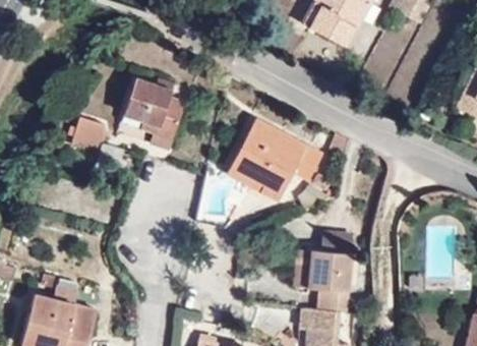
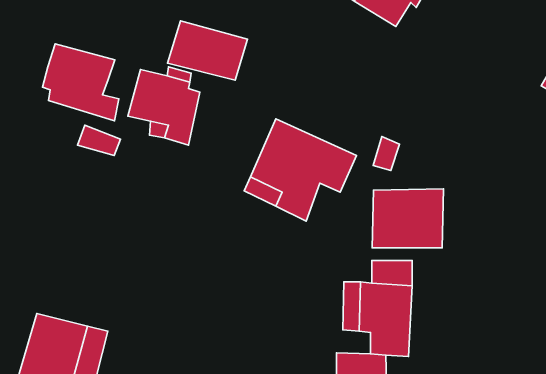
building: none -> [167,21,248,80]
building: none -> [43,44,119,121]
building: none -> [372,189,444,248]

